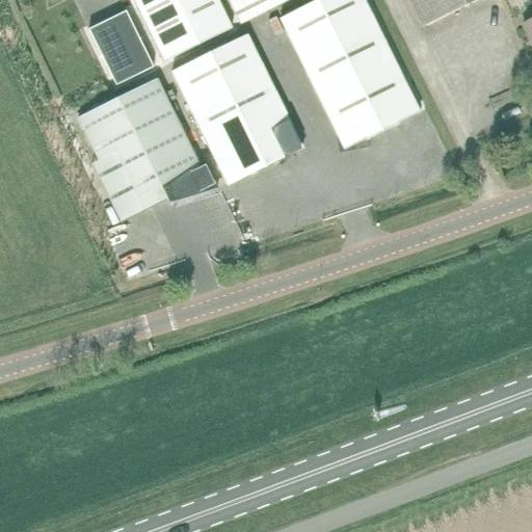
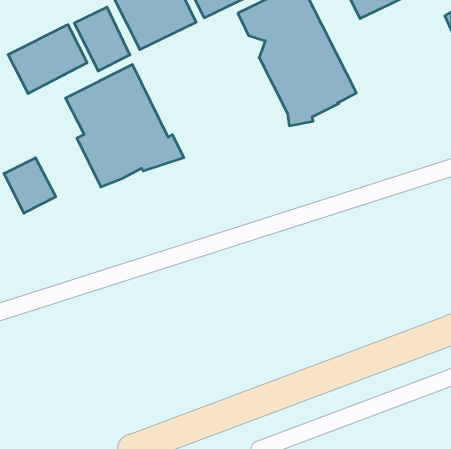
building: none -> [8,25,87,94]
building: [172,32,303,182] -> none
building: none -> [4,158,56,213]

